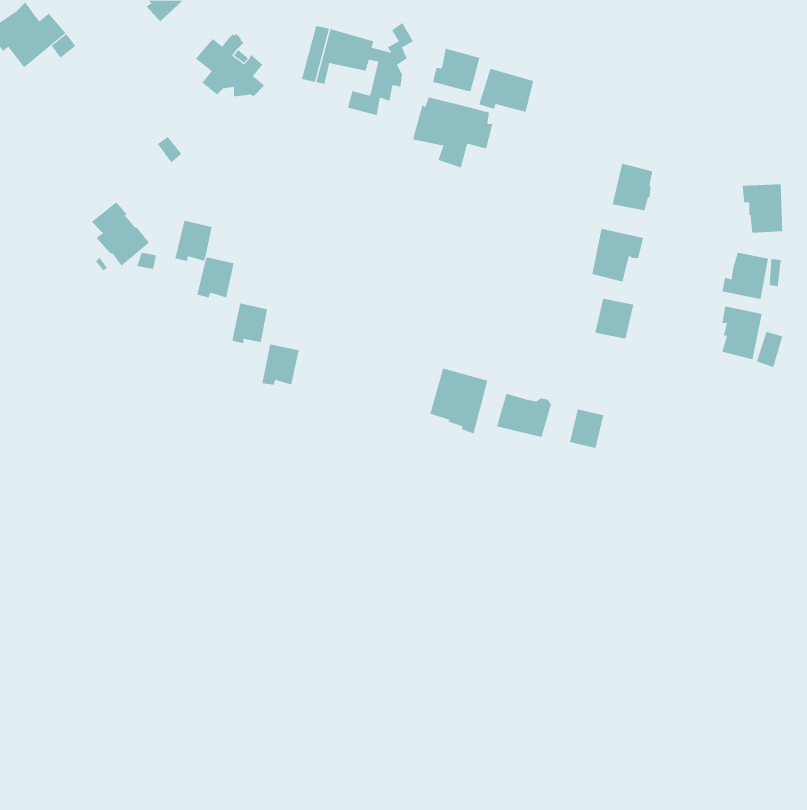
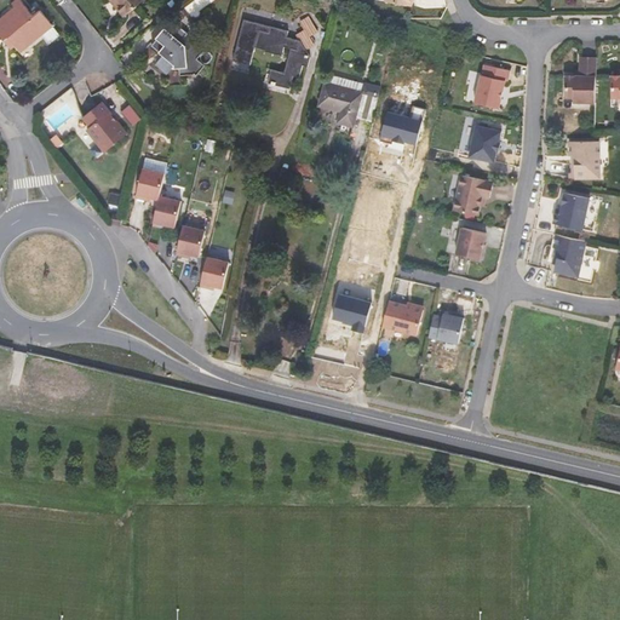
building: [432,48,480,92] -> none
building: [479,68,534,113] -> [378,111,420,145]
building: none -> [562,57,593,102]
building: none -> [472,64,509,108]
building: [91,201,150,266] -> [80,102,125,151]

